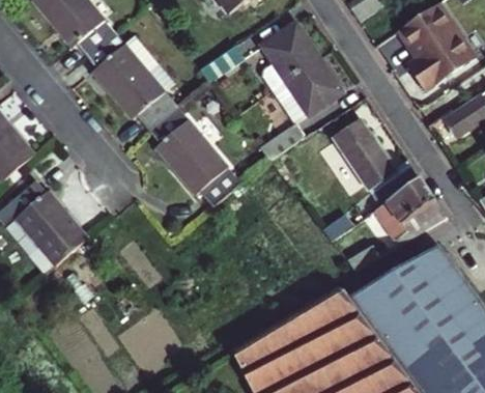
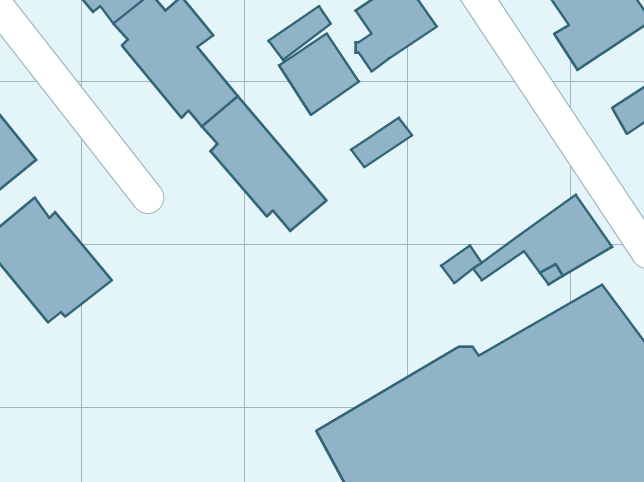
building: [286,60,343,118] -> [279,34,359,115]
building: [331,121,420,209] -> none

